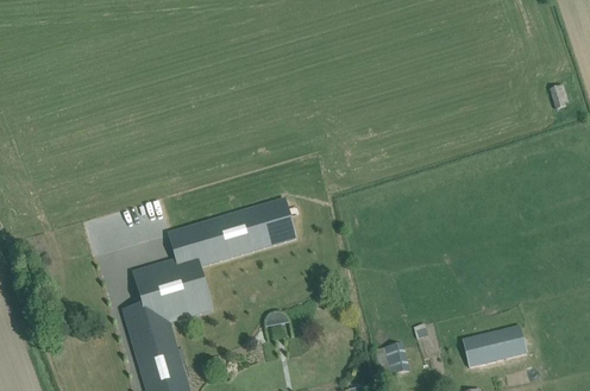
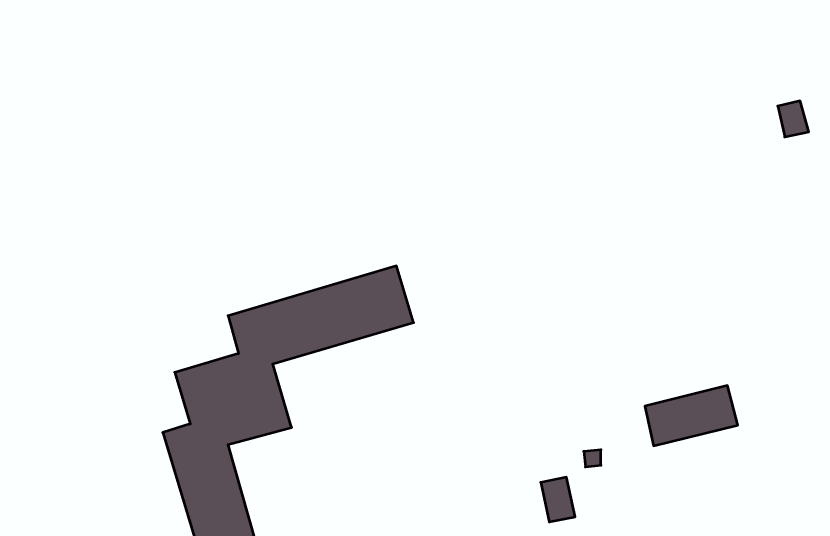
building: [462,326,526,367] -> [645,386,738,446]

